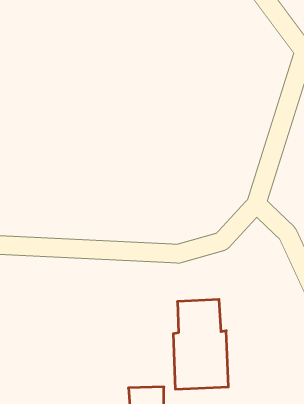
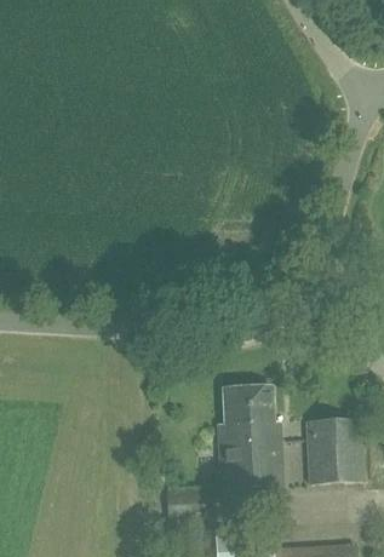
building: none -> [306,417,363,482]

